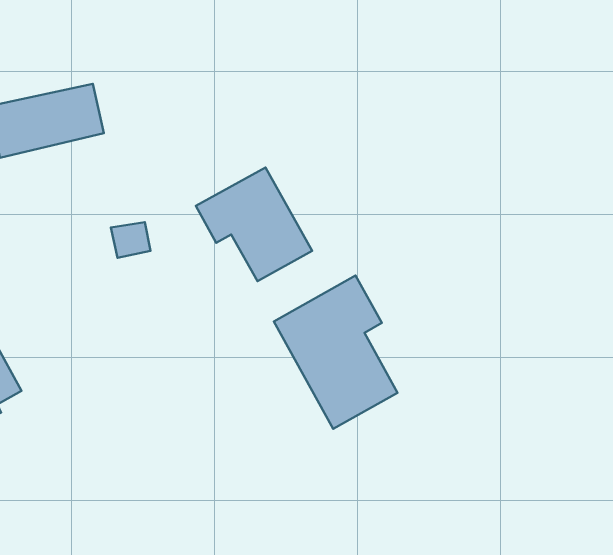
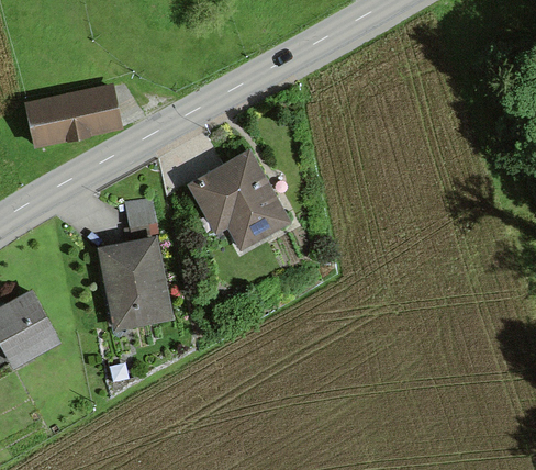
building: none -> [101,239,168,324]
building: [274,276,397,429] -> none

